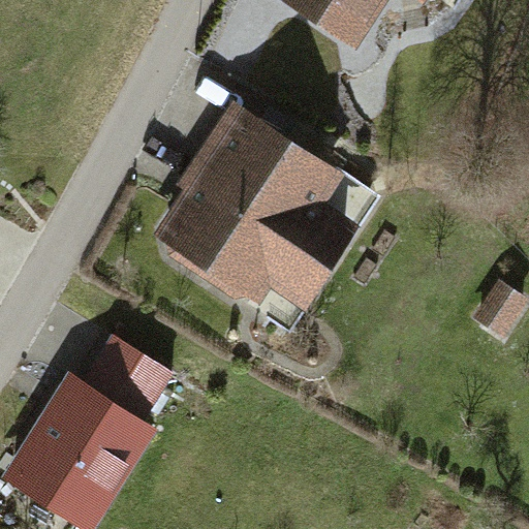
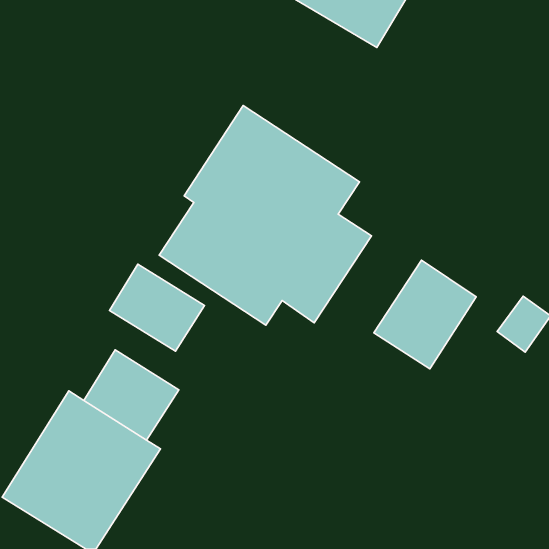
building: none -> [374,260,476,369]
building: none -> [109,264,204,351]

